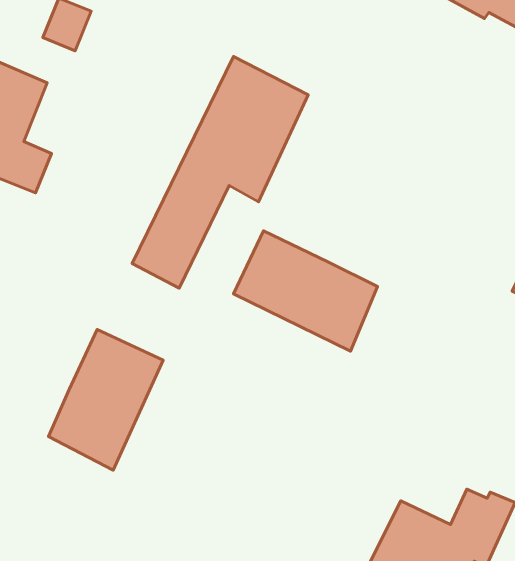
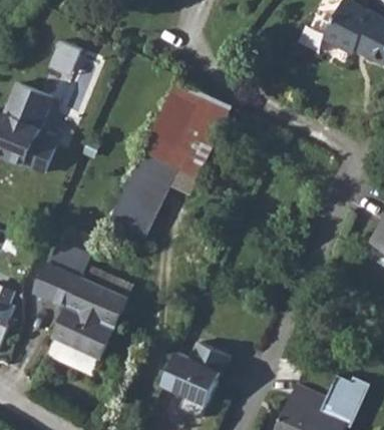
building: [234,231,377,351] -> none
building: none -> [35,244,90,308]
building: none -> [160,337,232,414]

